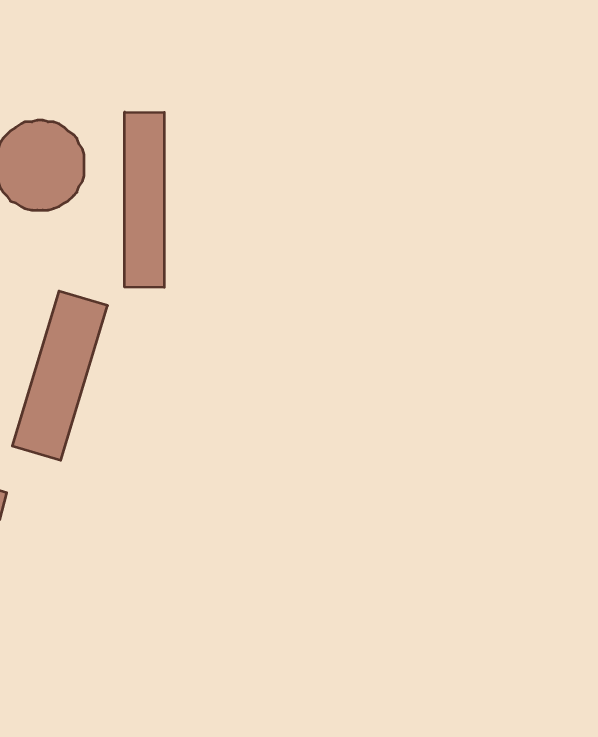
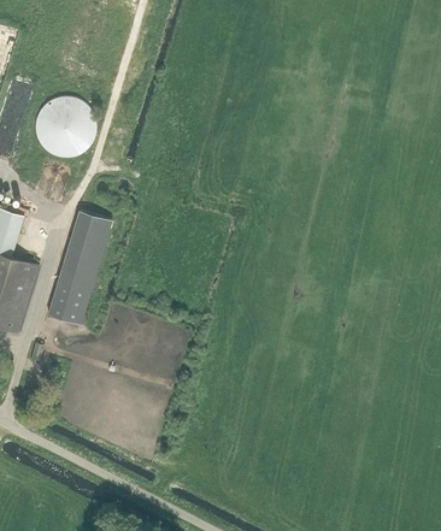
building: [125,112,164,287] -> none

